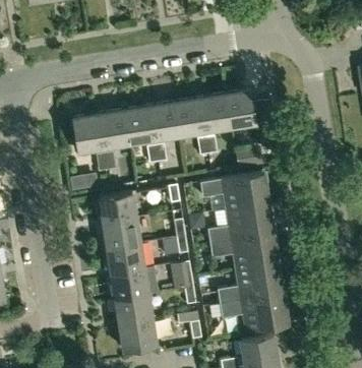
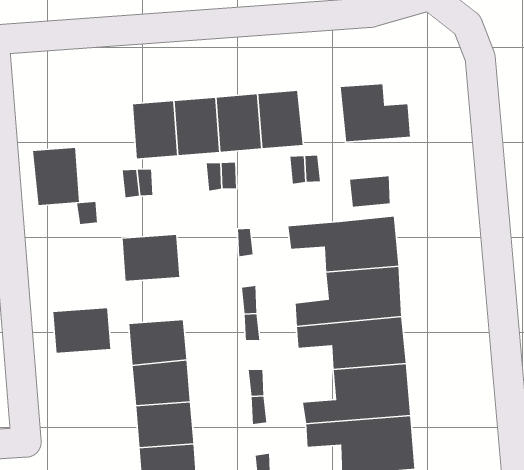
building: [199,95,231,132] -> none
building: [72,115,104,152] -> [32,147,80,206]
building: [103,219,140,249] -> [53,307,111,353]

